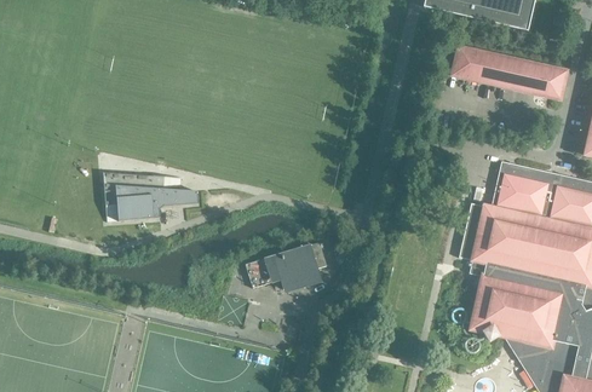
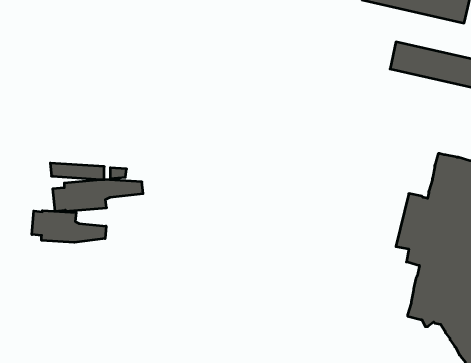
building: none -> [32,211,106,242]
building: [245,241,327,288] -> none

